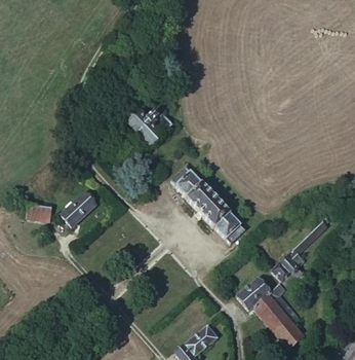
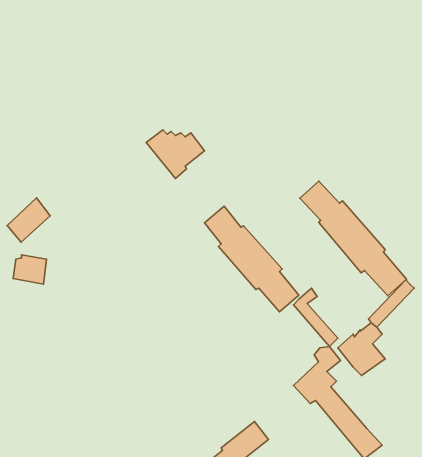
building: none -> [300,181,407,296]
building: [64,194,95,227] -> [7,198,50,242]
building: [266,287,299,330] -> [293,288,338,346]

